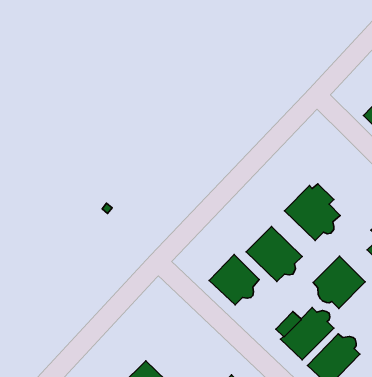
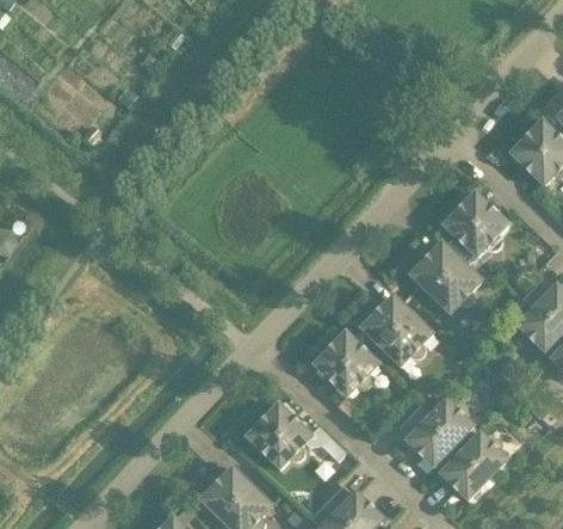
building: none -> [441,192,506,257]
building: [313,256,365,308] -> none
building: none -> [245,404,345,468]

